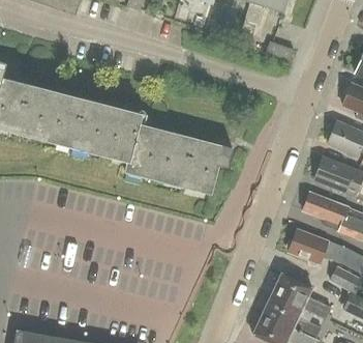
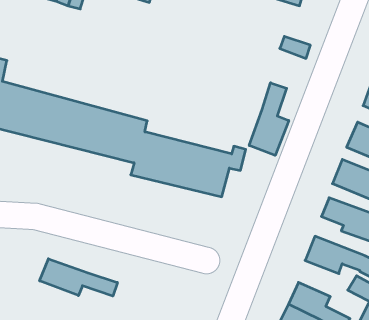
building: none -> [249,83,289,155]
building: none -> [40,259,117,296]

